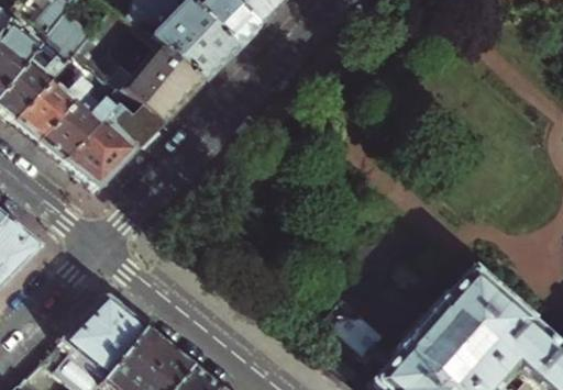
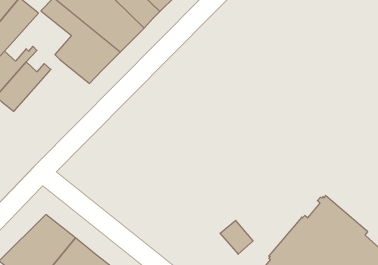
building: [62,91,163,189] -> none

